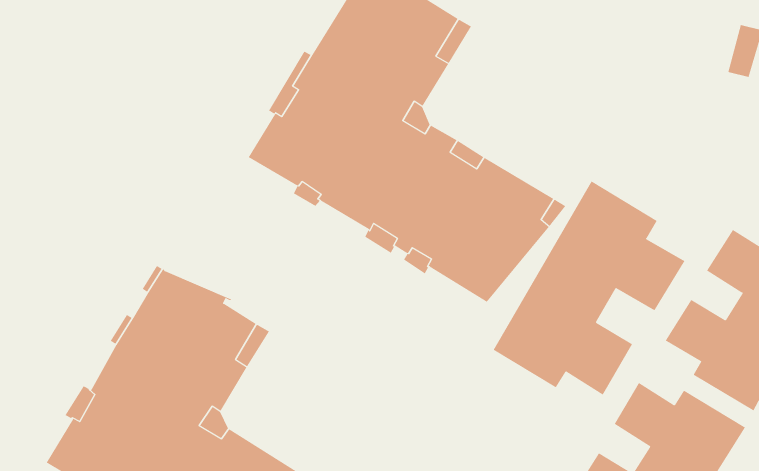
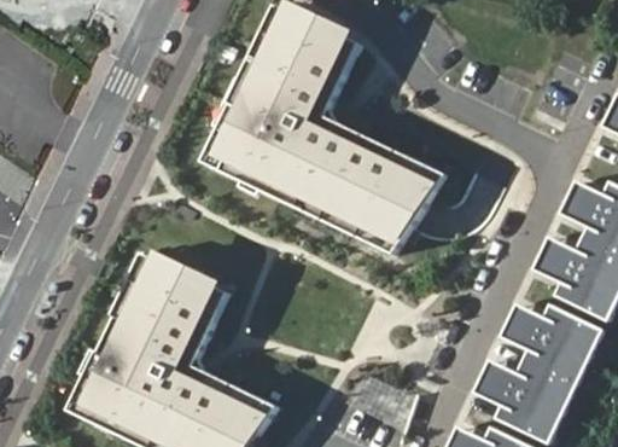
building: [493,180,685,396] -> none

